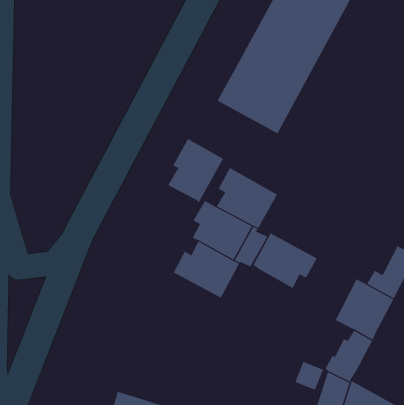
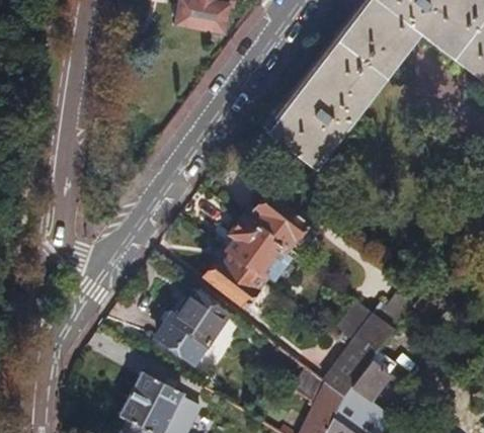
building: [168,138,224,203] -> none
building: [252,233,318,289] -> none
building: none -> [158,291,227,365]
building: none -> [351,357,391,401]

